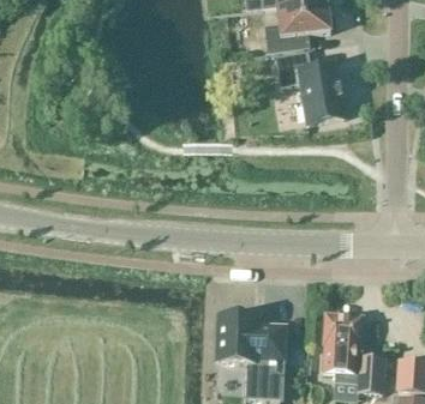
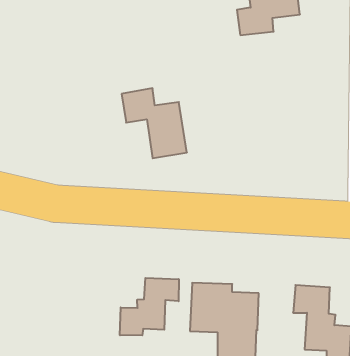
building: [275,49,343,122] -> [122,88,187,158]
building: none -> [120,278,179,335]

